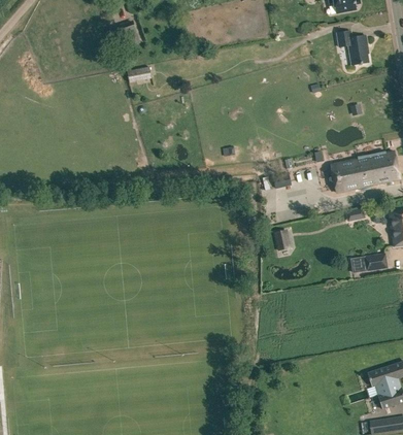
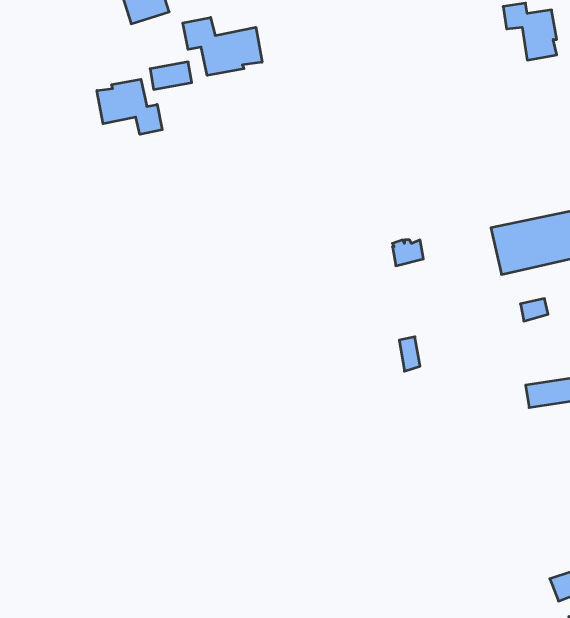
building: none -> [183,17,262,75]
building: none -> [97,79,162,134]

